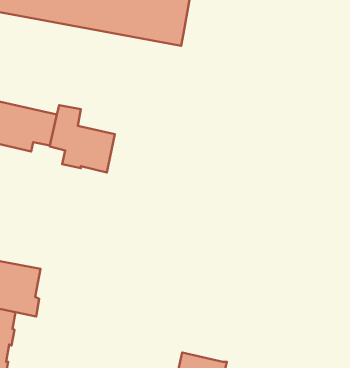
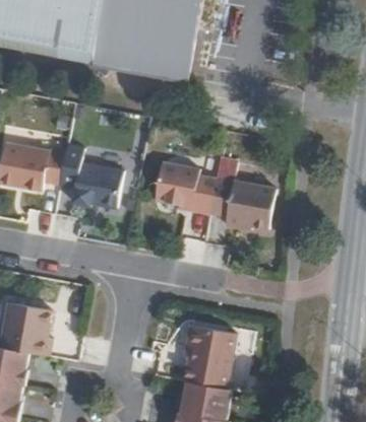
building: none -> [155,161,216,214]
building: none -> [223,175,278,233]
building: none -> [187,329,240,395]

